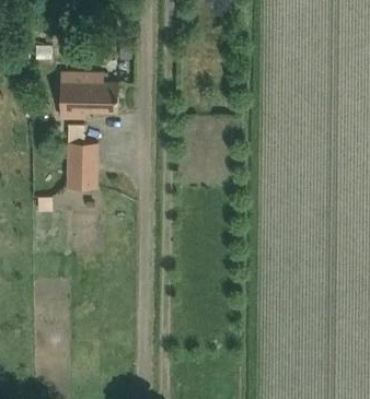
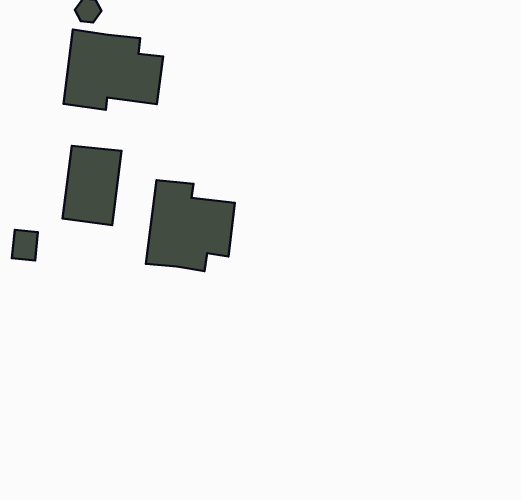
building: none -> [146,180,235,271]

